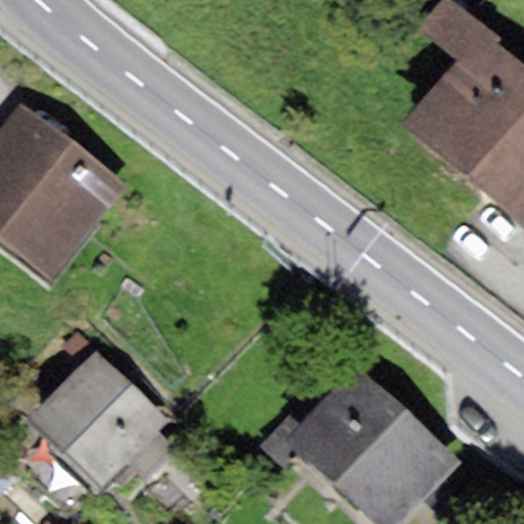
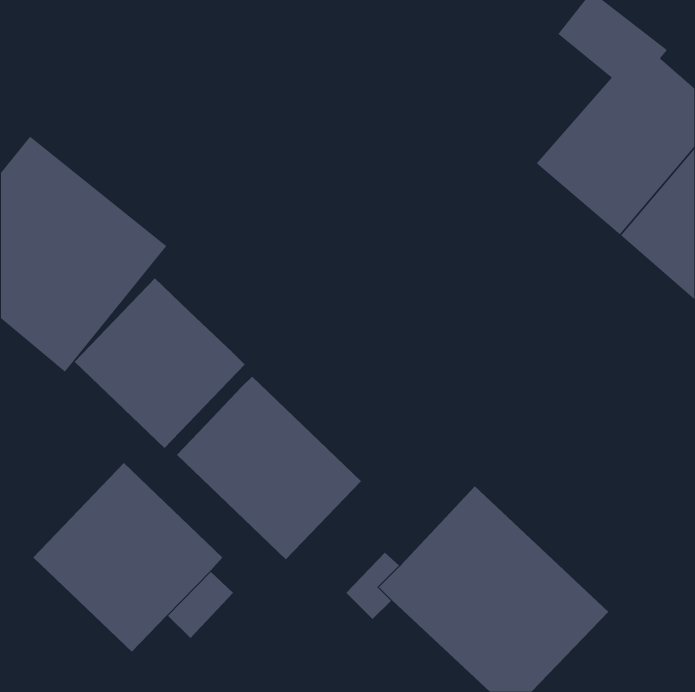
building: none -> [74,278,245,449]
building: none -> [176,376,362,560]

